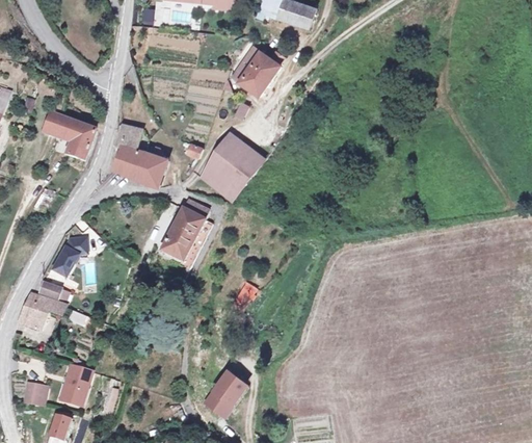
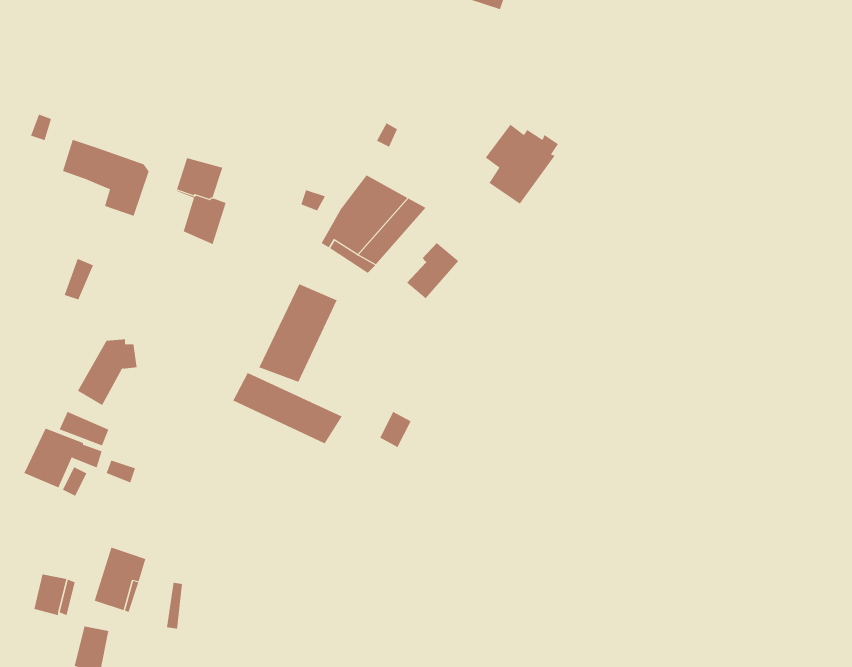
building: [241,49,287,99] -> [485,124,559,205]
building: [134,147,167,184] -> none
building: none -> [406,242,459,299]
building: none -> [233,372,342,444]
building: [203,368,248,417] -> none

